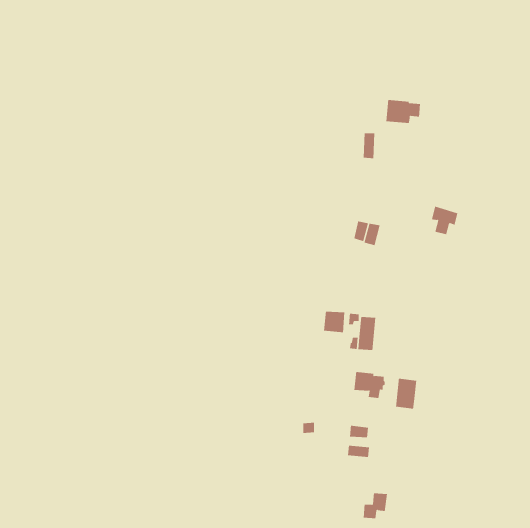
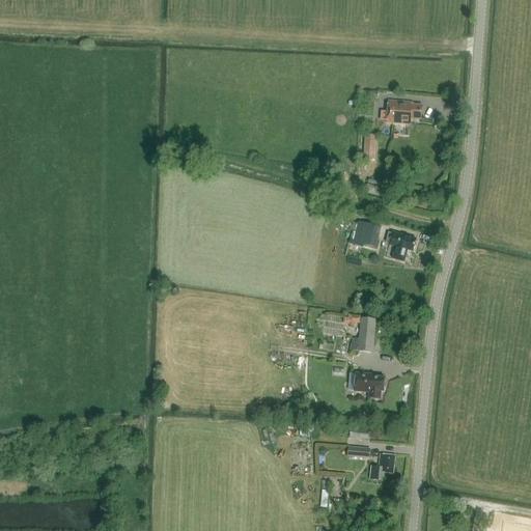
building: [431,206,458,235] -> [388,230,415,259]
building: [395,378,417,409] -> none
building: [363,493,388,519] -> [369,453,394,479]

